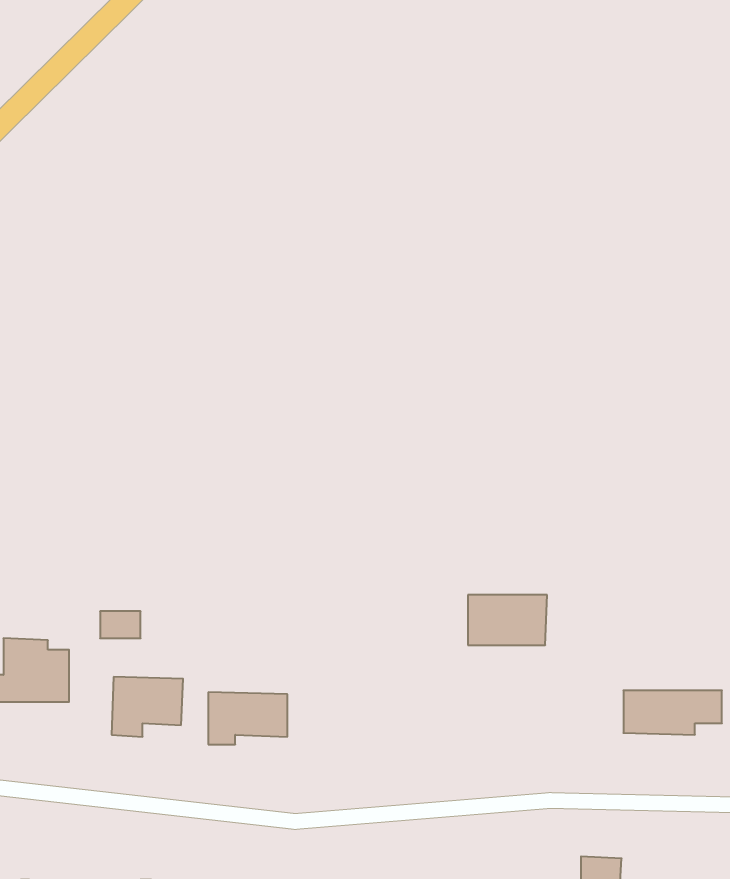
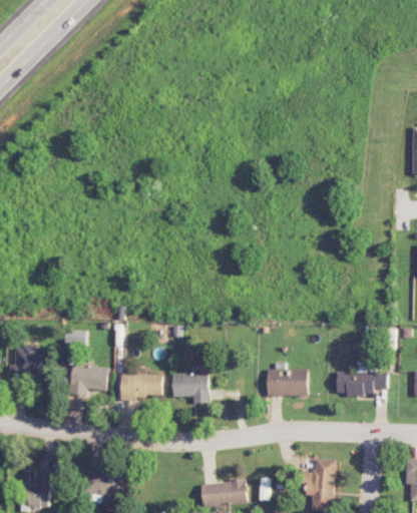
building: [468,595,547,645] -> [267,370,308,396]
building: none -> [171,373,209,404]

